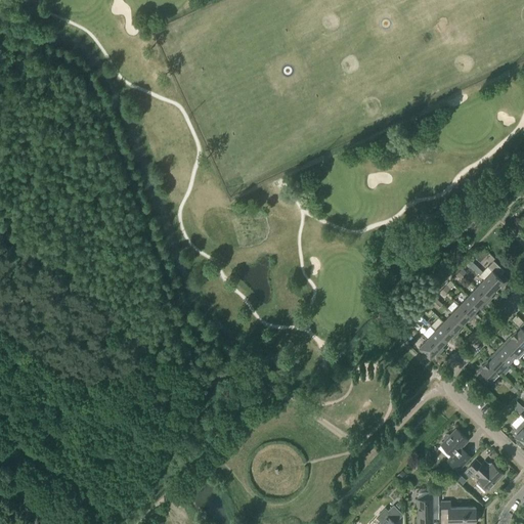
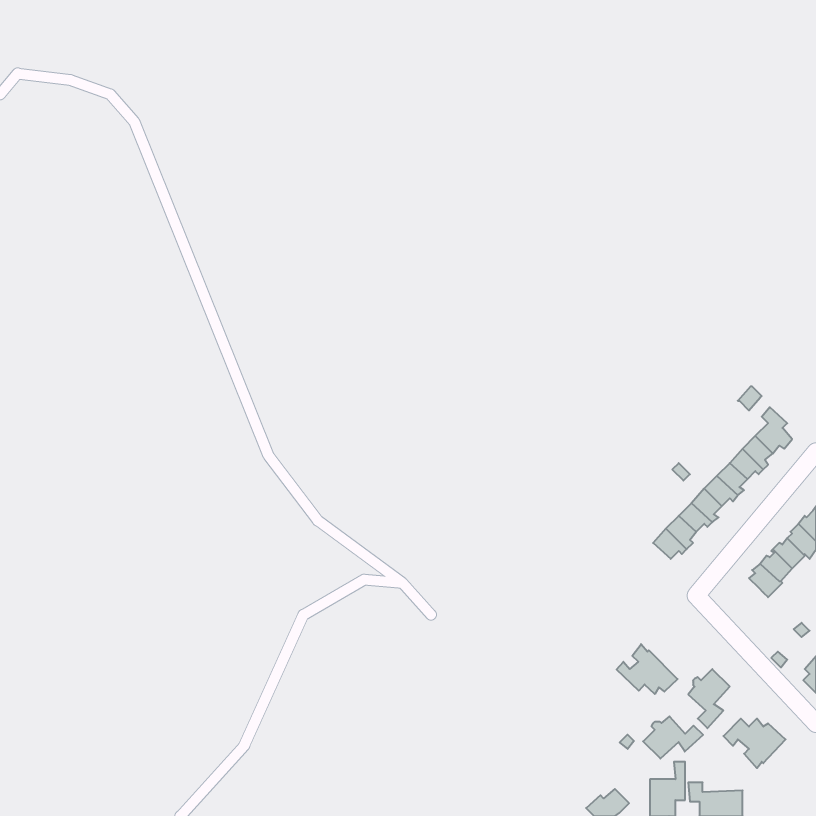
building: none -> [617,644,678,694]
building: none -> [643,716,703,759]

